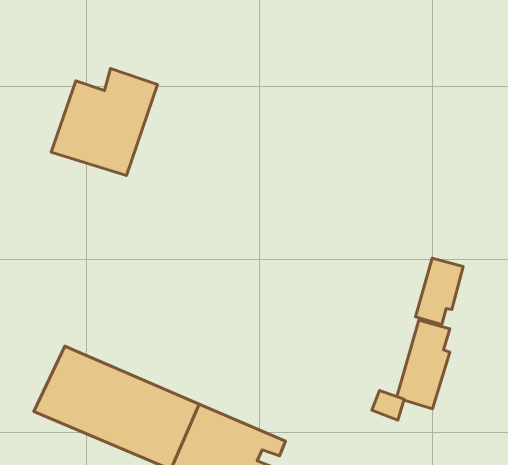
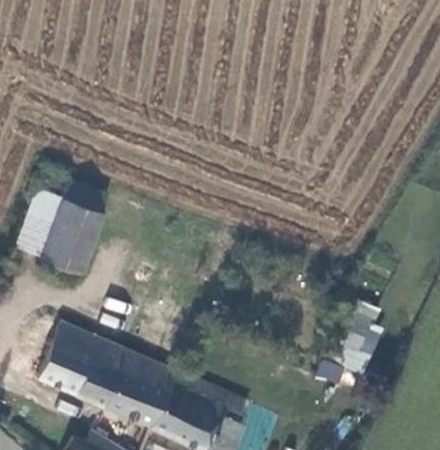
building: [51,68,157,176] -> [17,179,106,270]
building: [416,258,463,324] -> none

